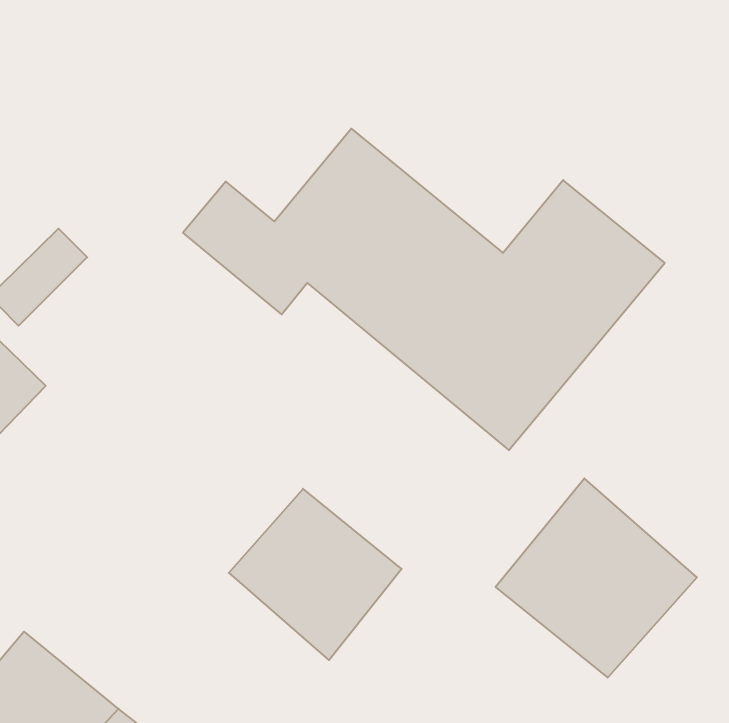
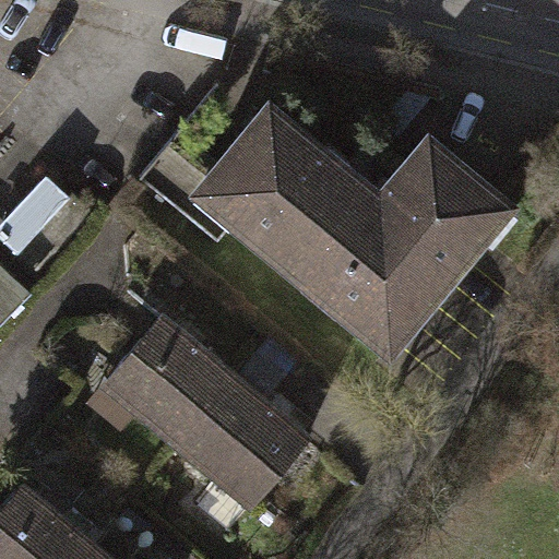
building: none -> [107,319,231,443]
building: [496,478,697,678] -> none

